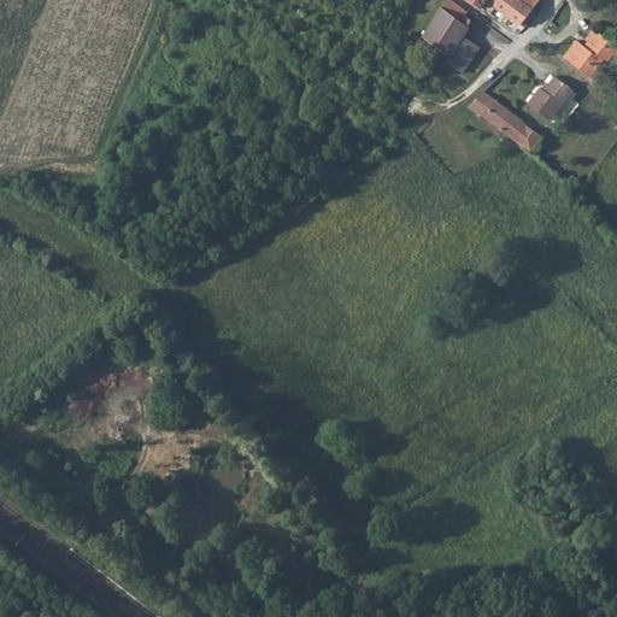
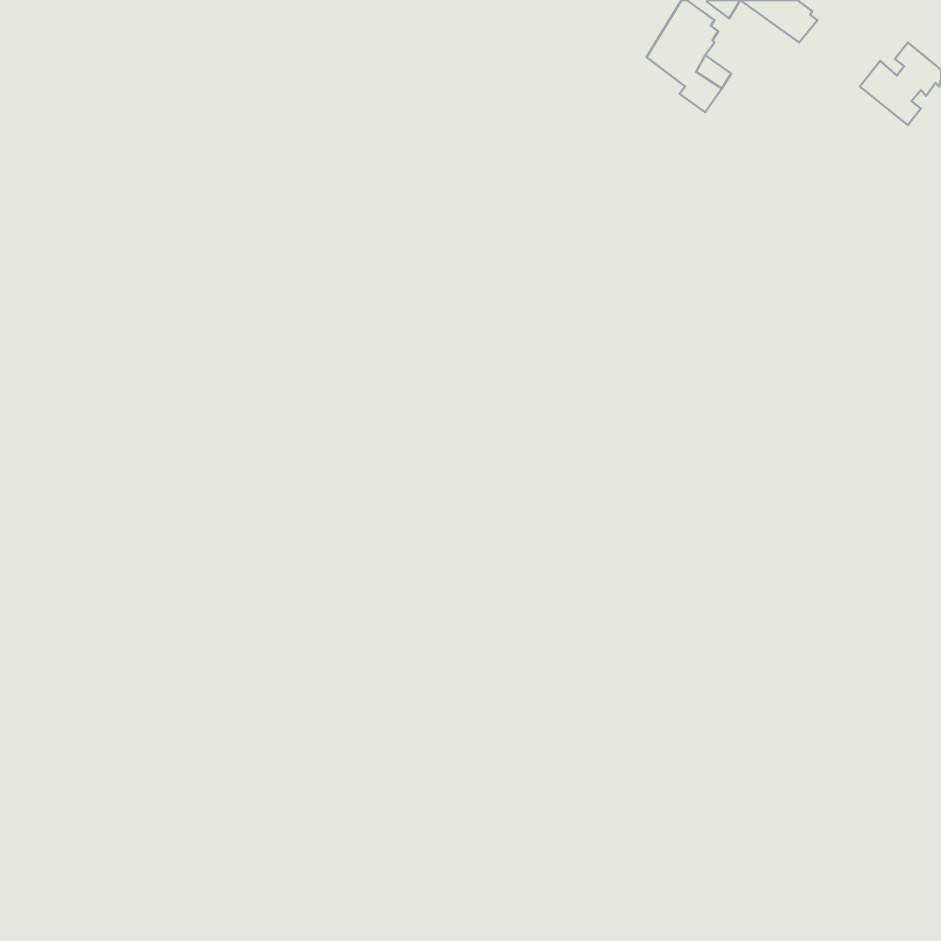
building: [529,75,574,119] -> none
building: [470,90,542,152] -> none

